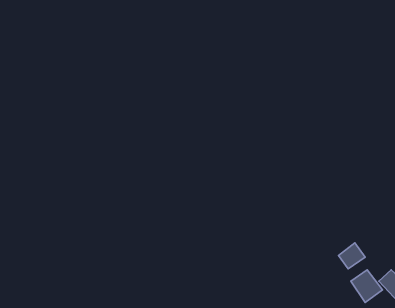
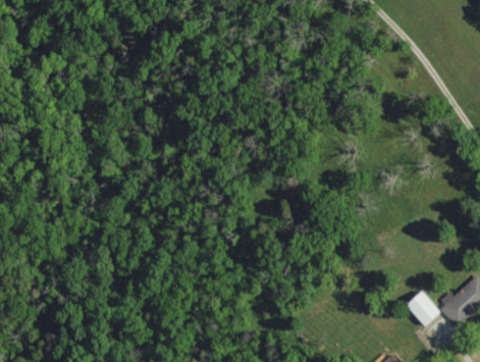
building: [338,243,365,269] -> none

